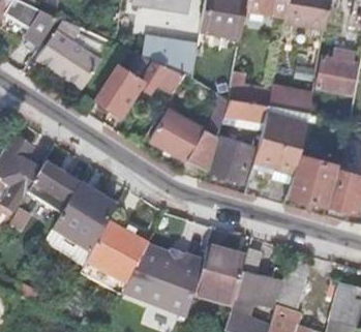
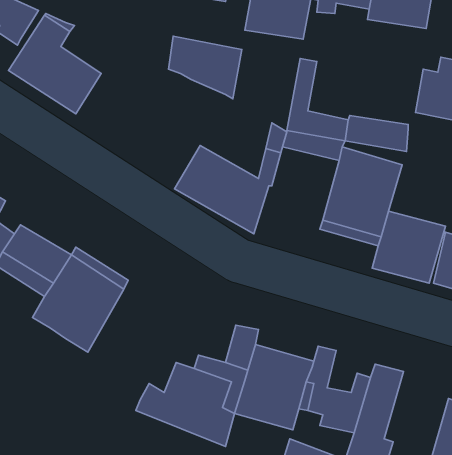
building: [95,60,186,116] -> none
building: [212,137,252,182] -> none
building: [86,223,149,285] -> none

